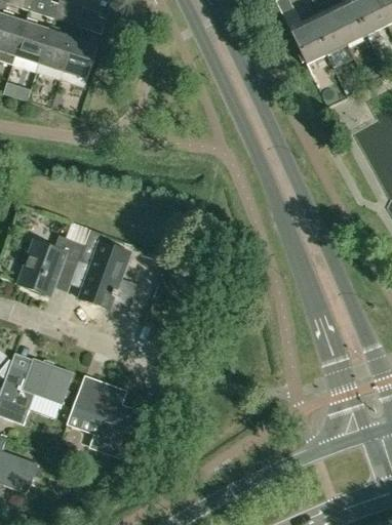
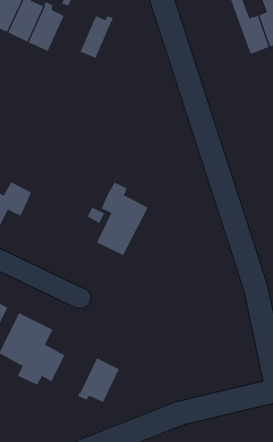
building: none -> [80,15,114,59]
building: [78,228,131,308] -> [96,182,149,256]
building: none -> [78,358,120,403]

